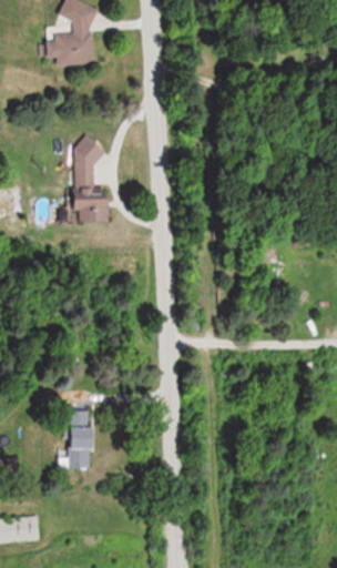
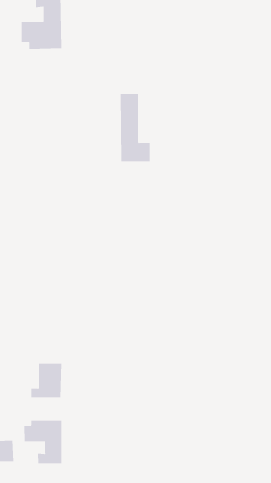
building: [73,142,109,221] -> [120,93,150,162]
building: none -> [24,420,62,464]

